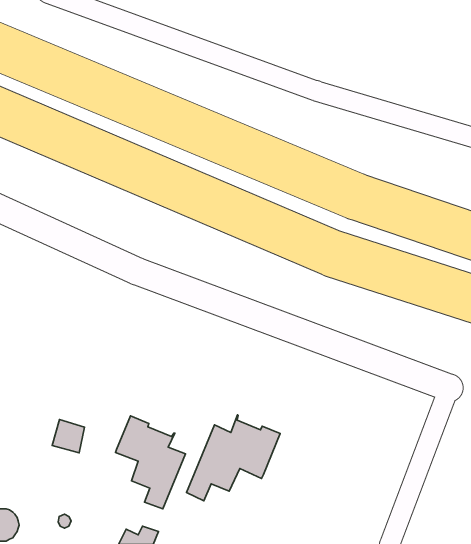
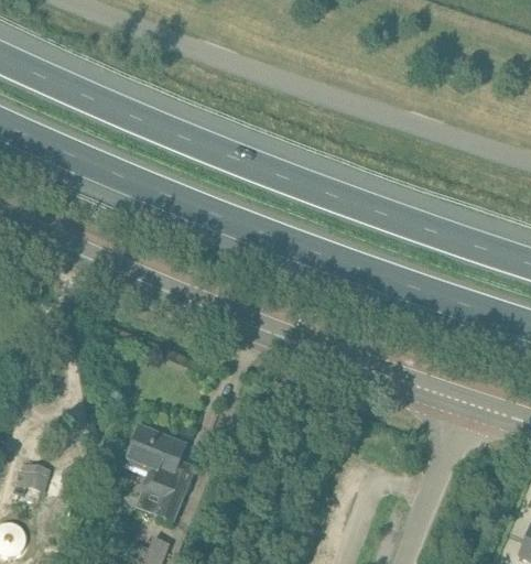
building: [187,415,280,501] -> none
building: [52,420,84,453] -> [18,458,51,492]

